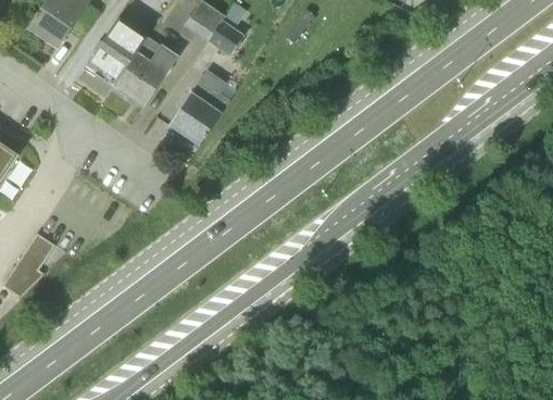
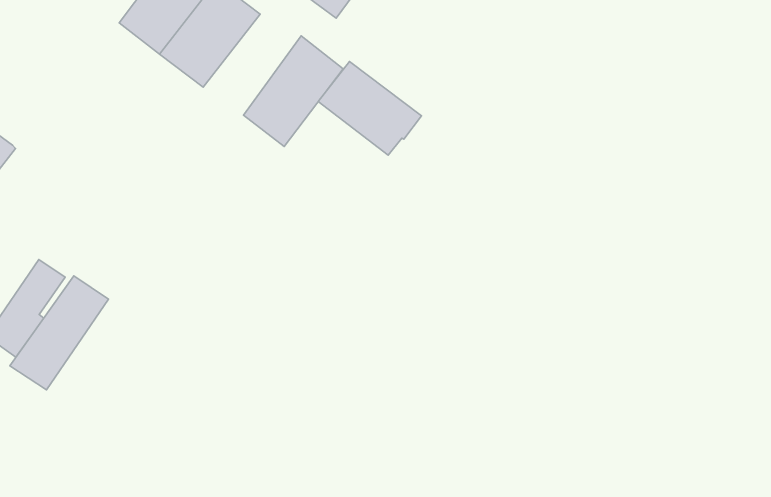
building: none -> [318,61,422,155]
building: none -> [10,276,109,390]

